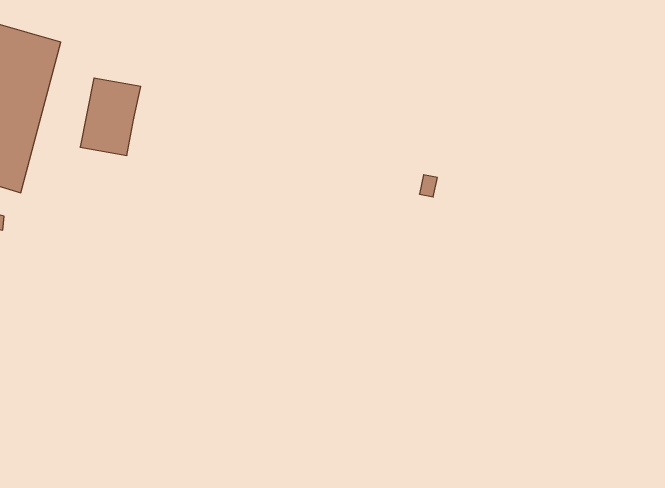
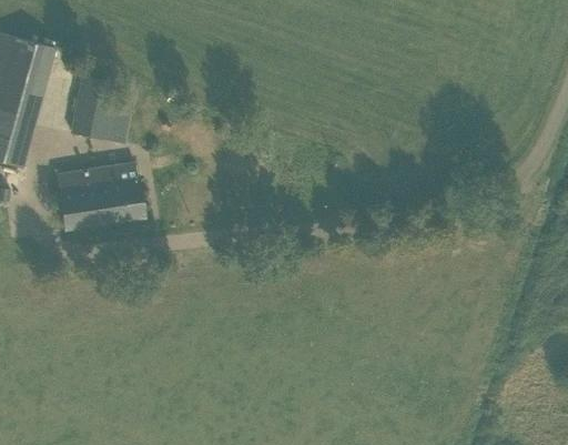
building: none -> [54,165,143,229]

